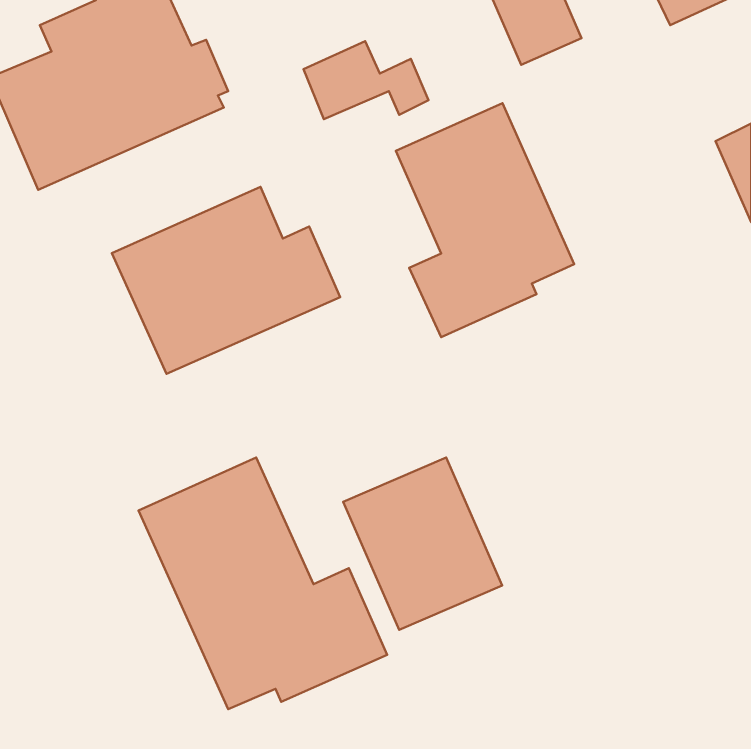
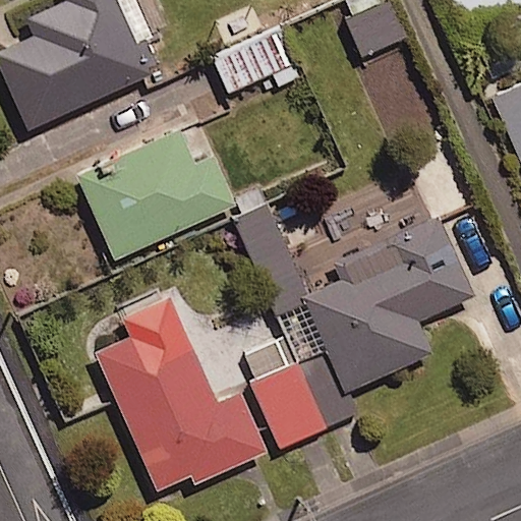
building: [396,103,574,337] -> none
building: none -> [303,217,474,392]

